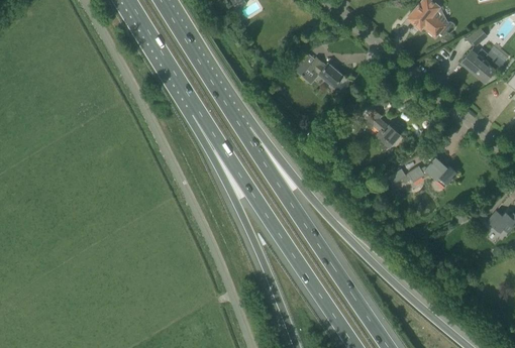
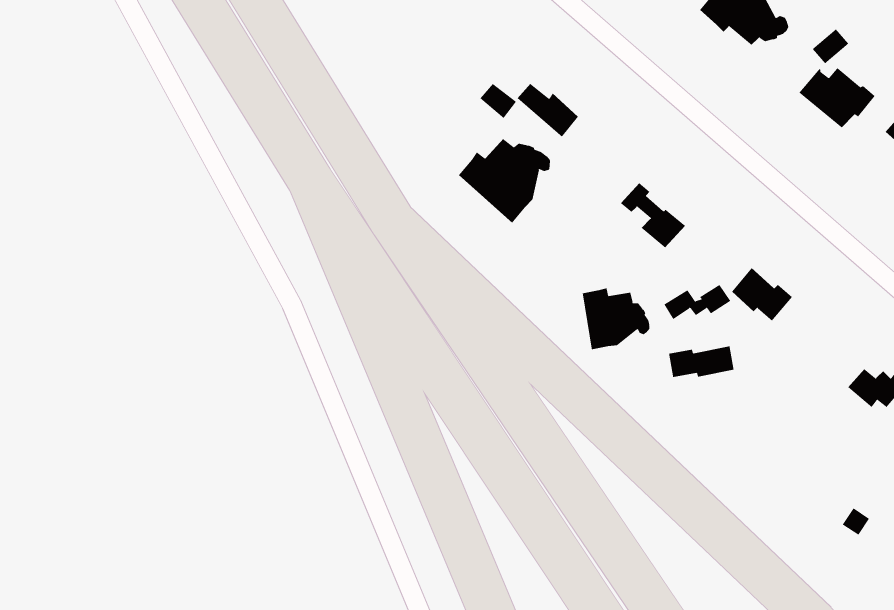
building: none -> [458,138,550,224]
building: none -> [582,287,650,350]
building: none -> [668,345,734,378]

